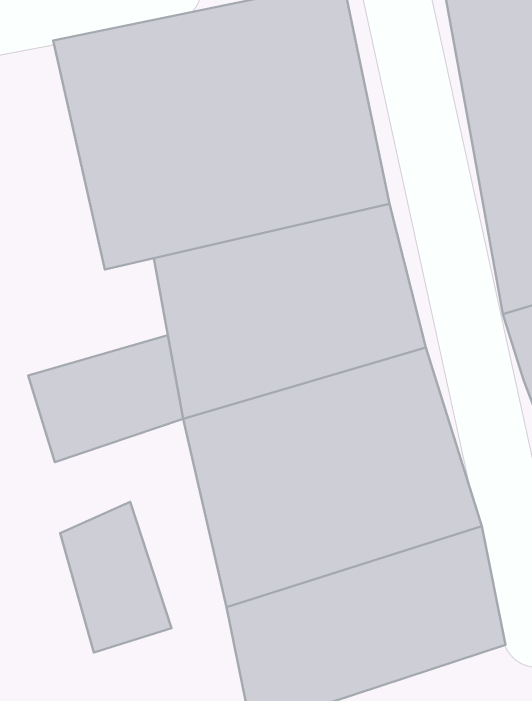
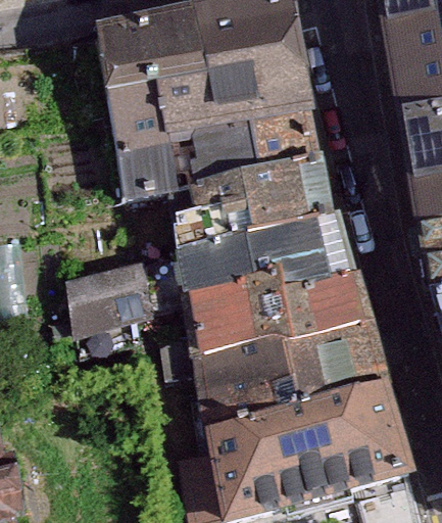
building: [60,502,172,653] -> none

